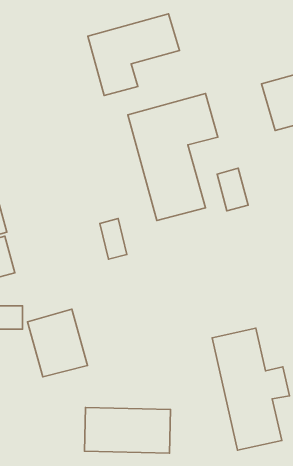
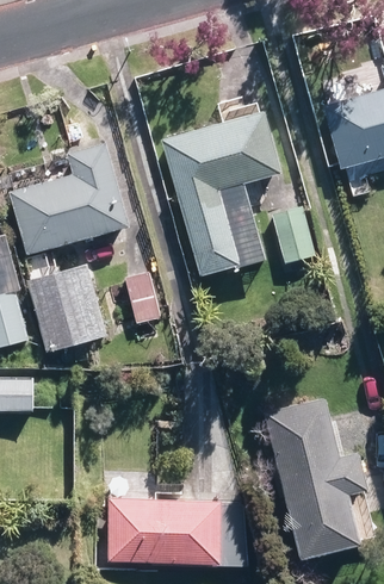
building: [88,14,179,95] -> none
building: none -> [14,149,122,251]
building: [27,309,87,377] -> [30,268,104,352]

